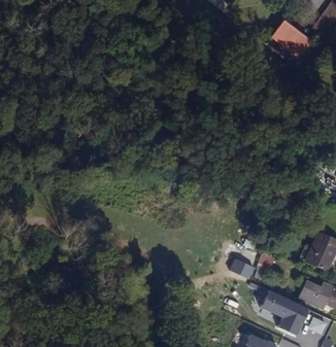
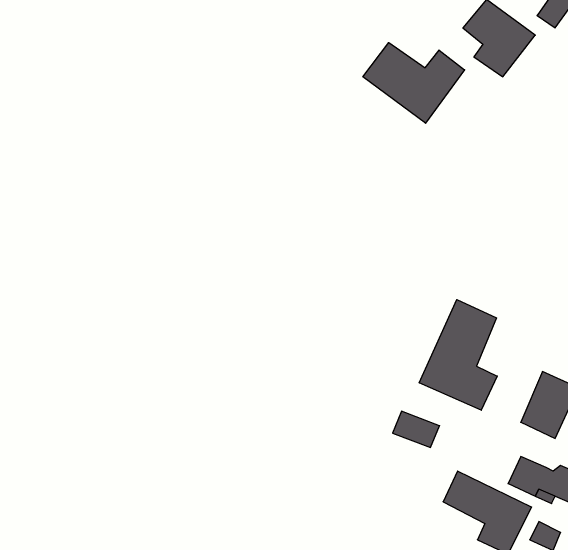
building: none -> [363,43,465,123]
building: none -> [419,300,497,410]

